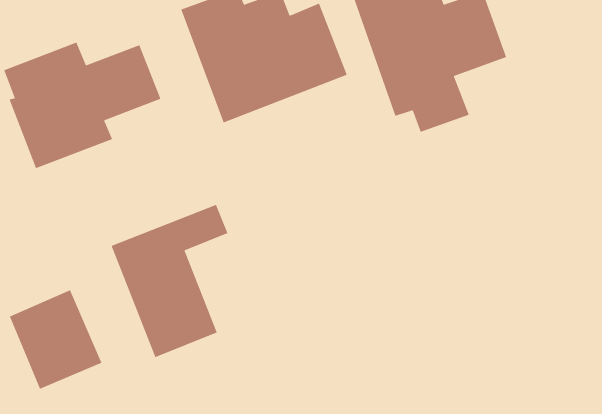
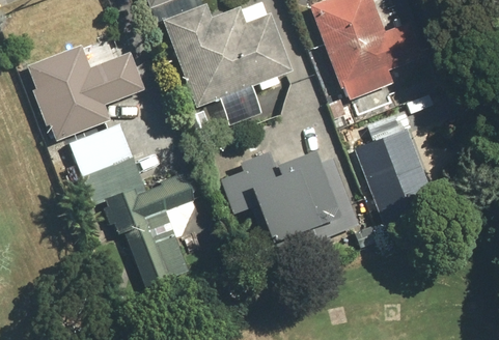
building: none -> [340,126,423,220]
building: none -> [221,150,344,261]
building: [9,289,103,390] -> [71,124,143,202]

